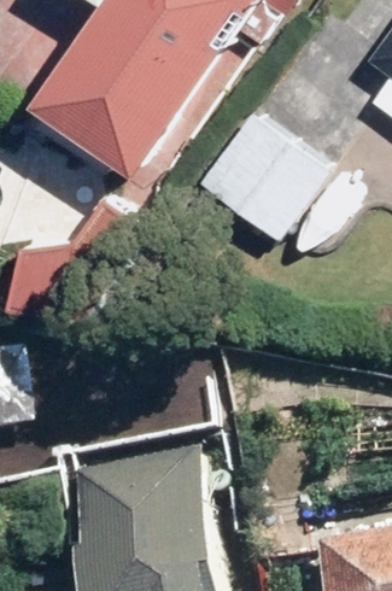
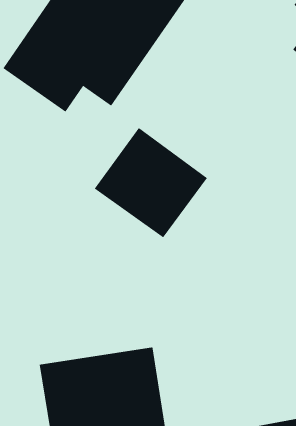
building: [200,109,333,238] -> [94,127,208,238]

